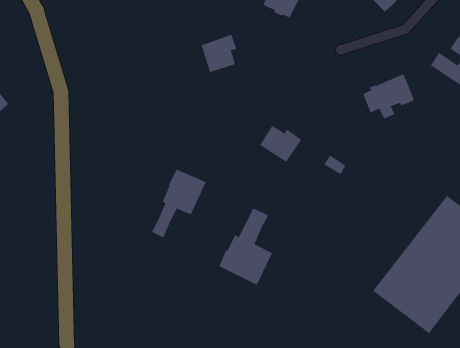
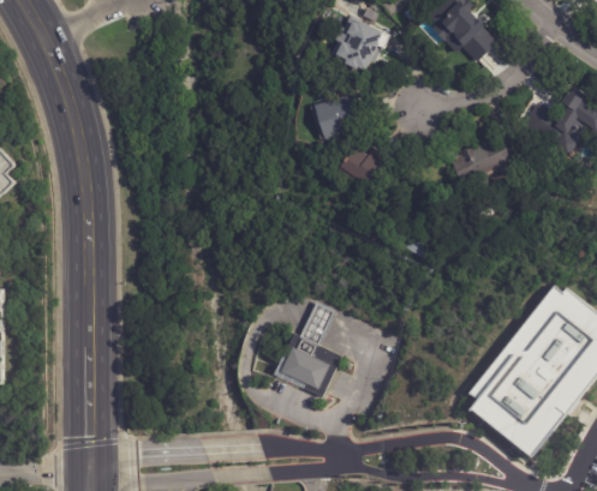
building: [201,34,237,73] -> [314,94,358,142]
building: [259,125,302,163] -> [340,144,393,191]
building: [151,169,207,238] -> none

